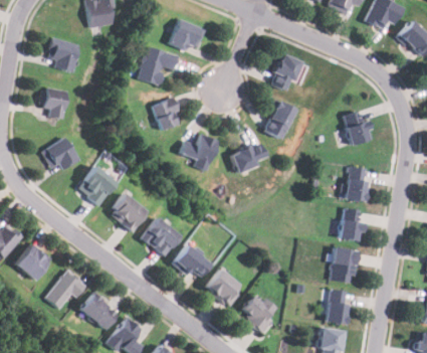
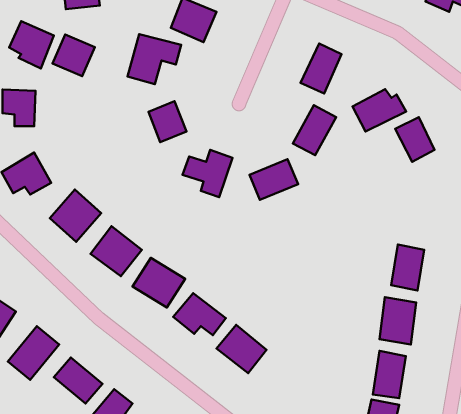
building: none -> [52,35,95,76]
building: none -> [352,89,406,131]
building: [345,167,369,201] -> none
building: [238,293,278,332] -> none

